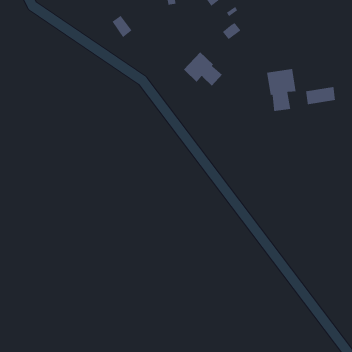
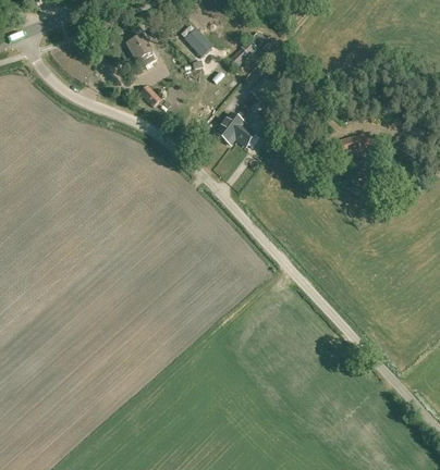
building: [266,68,297,112] -> none

